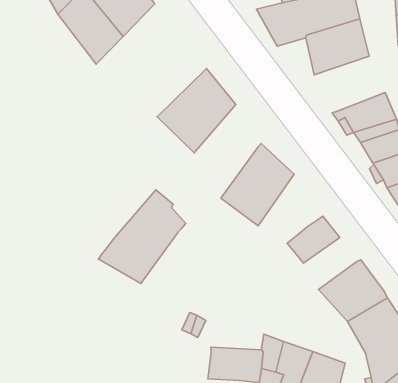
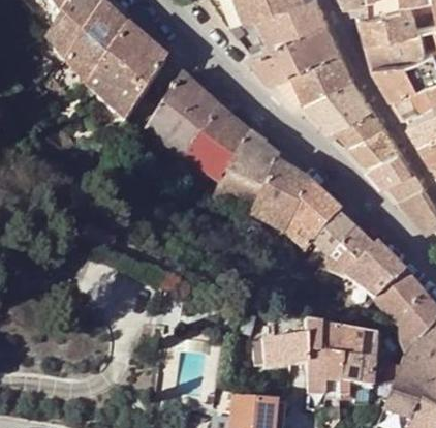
building: none -> [144,72,217,154]
building: none -> [308,72,370,123]
building: none -> [283,182,339,248]
building: [98,190,186,284] -> [209,132,277,213]
building: none -> [319,228,371,275]

